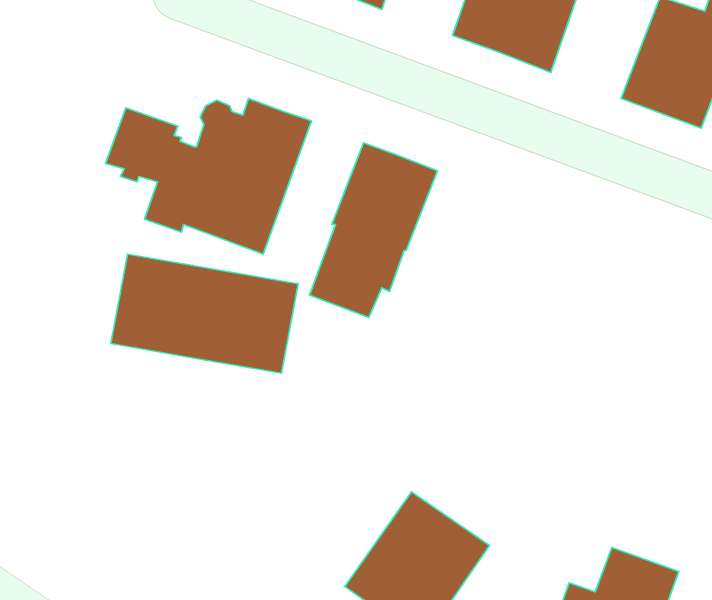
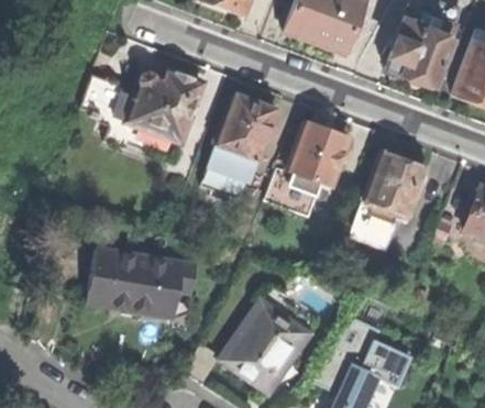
building: none -> [266,121,350,214]
building: none -> [351,150,426,247]
building: [111,254,298,373] -> [87,247,198,318]

